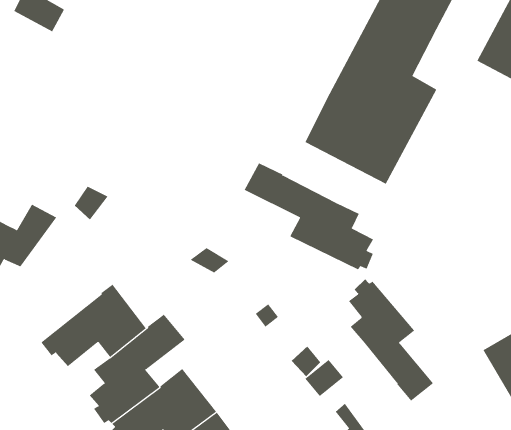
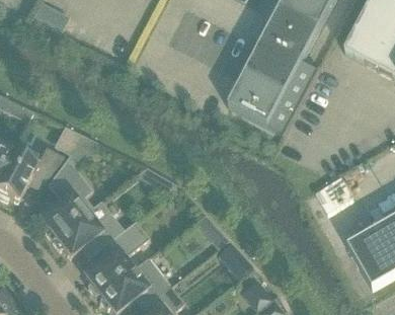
building: [244,163,374,270] -> none
building: none -> [38,154,91,236]
building: [348,279,434,401] -> none

